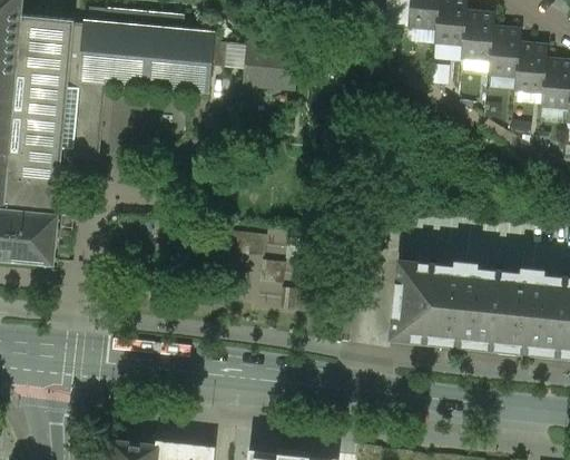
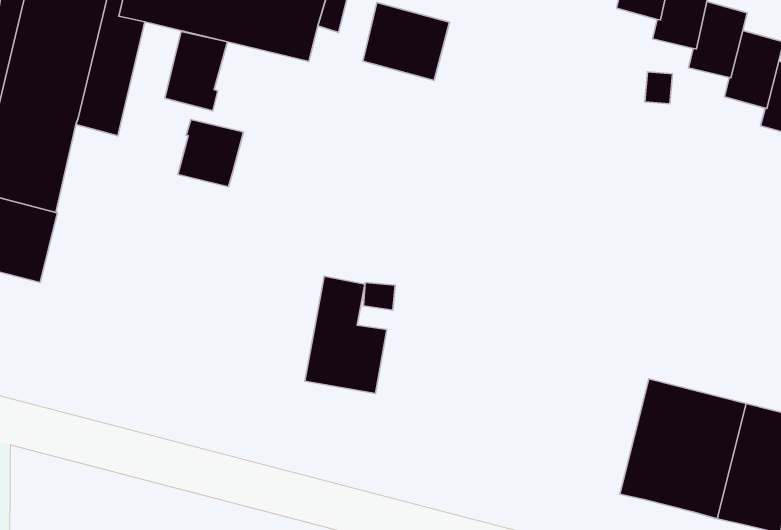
building: none -> [165,31,228,111]
building: none -> [178,119,244,187]
building: [391,260,466,345] -> none

